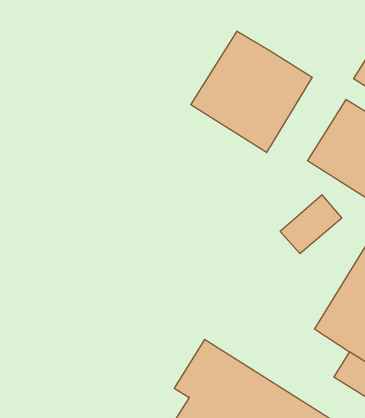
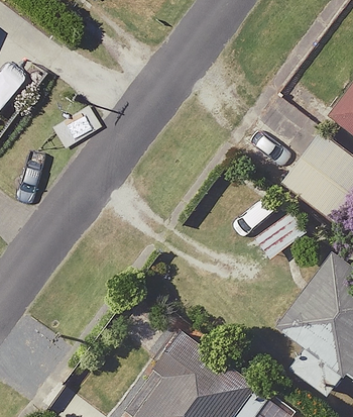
building: [191,31,312,153] -> none

